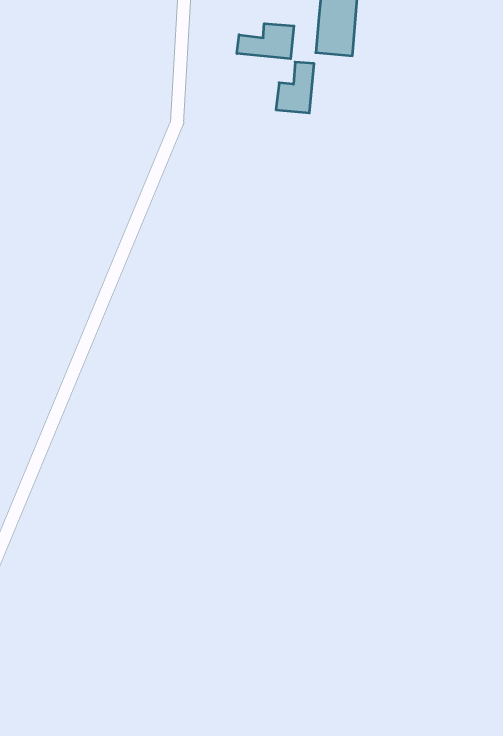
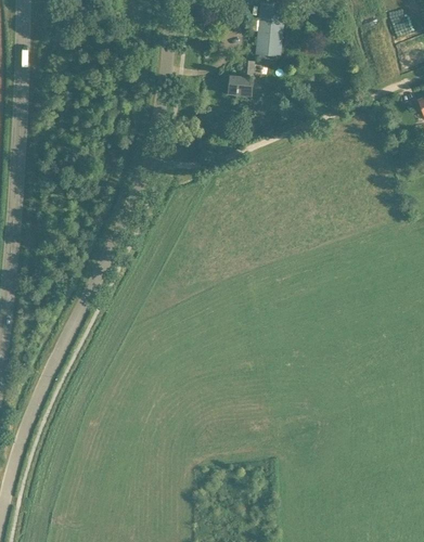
building: [237,24,294,59] -> none

